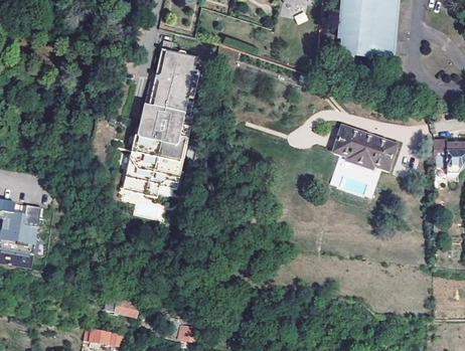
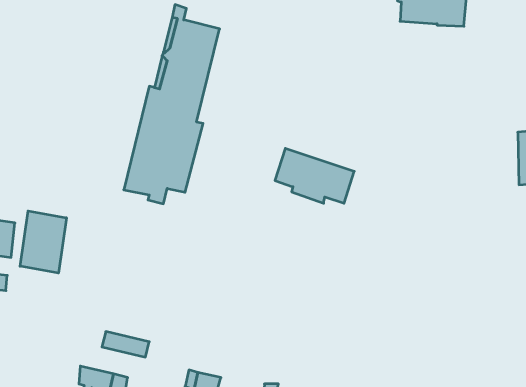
building: [334,125,397,168] -> [275,148,354,203]
building: none -> [20,211,66,273]

